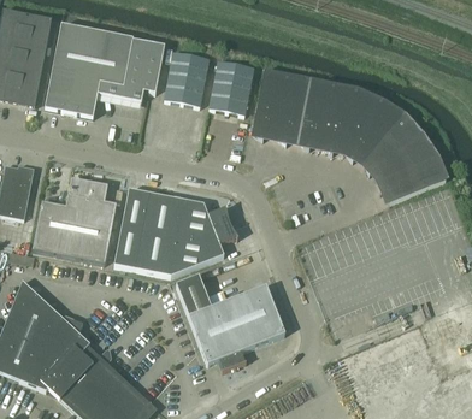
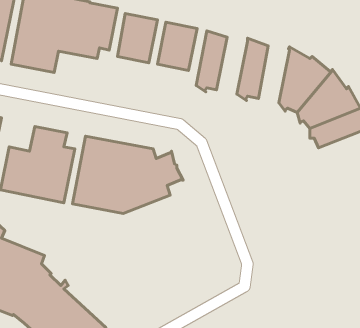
building: [275,75,309,143] -> none
building: [321,83,356,153] -> none
building: [175,273,284,370] -> none

